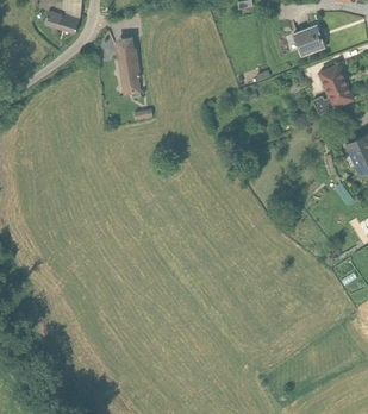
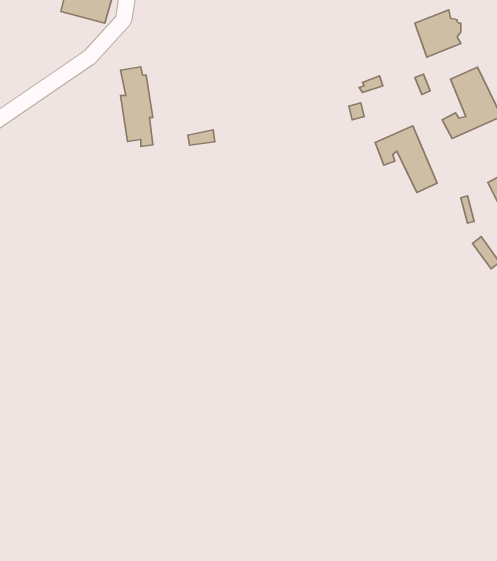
building: [118,43,141,99] -> [121,67,153,146]
building: none -> [375,126,437,193]

